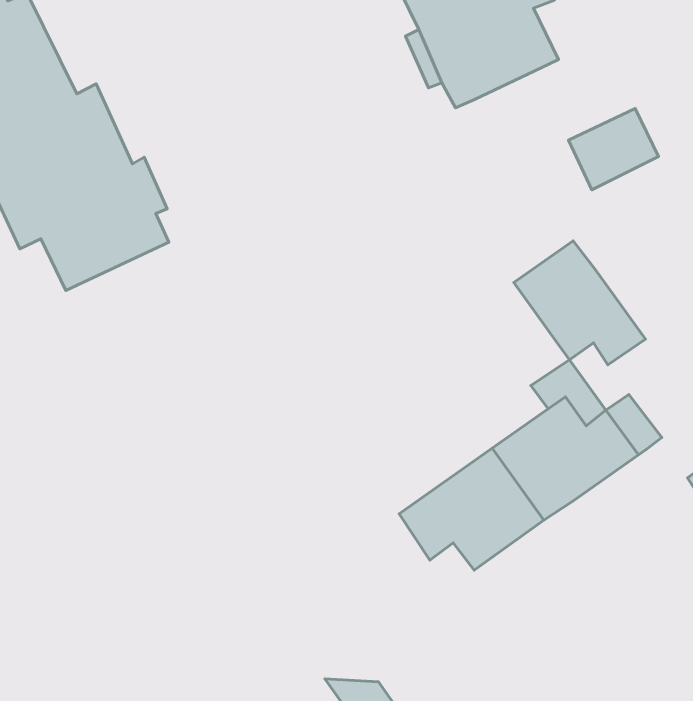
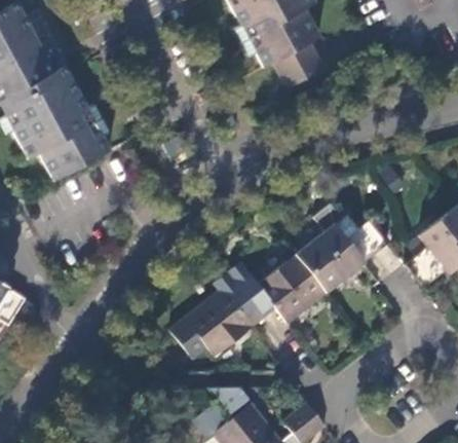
building: [568,109,659,190] -> [274,43,325,89]
building: [514,241,645,365] -> none
building: none -> [170,283,264,360]

